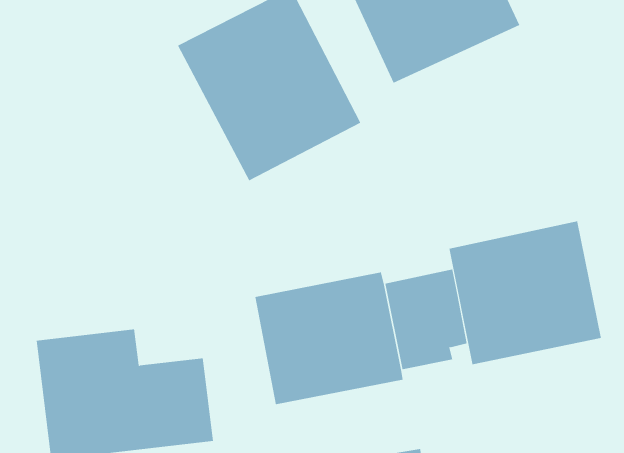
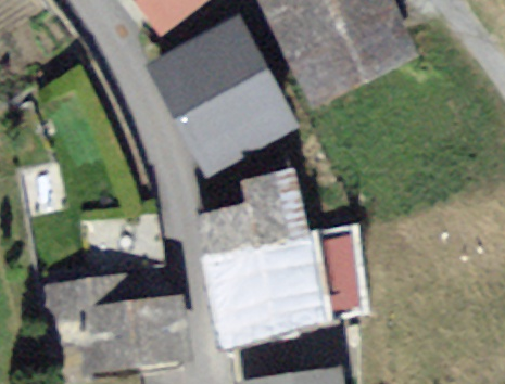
building: none -> [204,172,306,254]
building: [449,221,601,365] -> none

